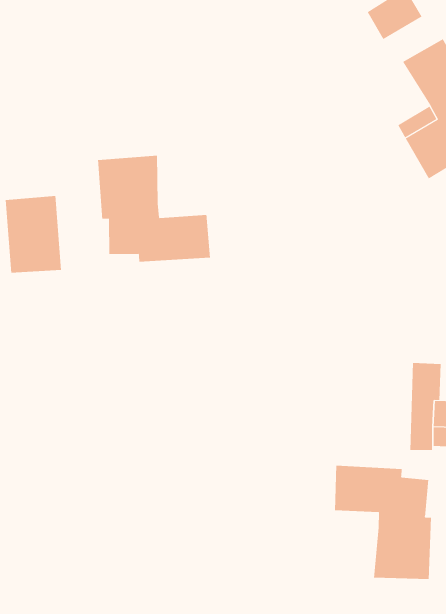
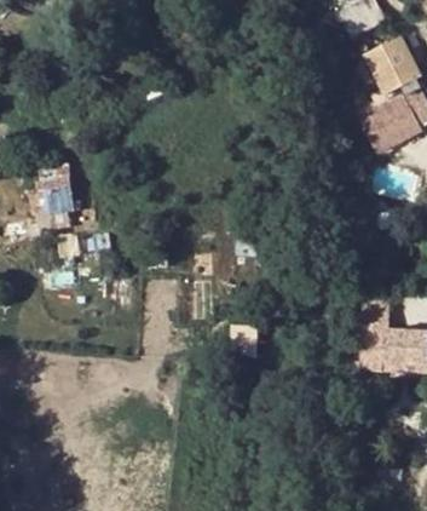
building: [98,155,210,263] -> none
building: [334,465,432,580] -> none

